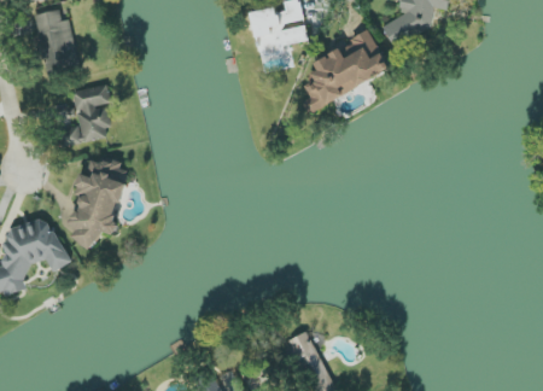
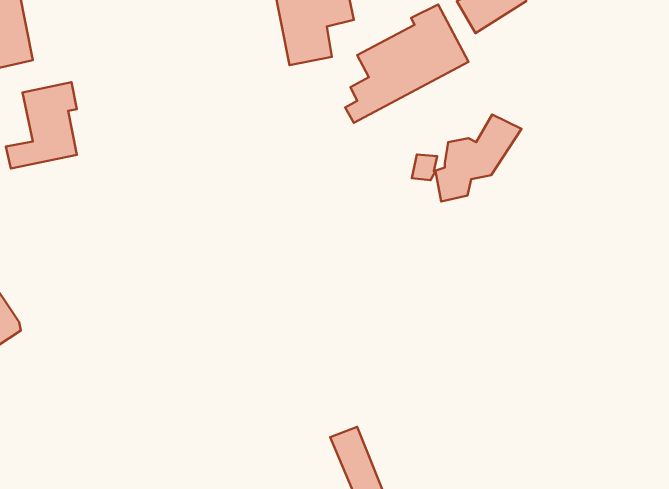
building: none -> [412,115,522,202]
building: [70,156,127,245] -> none

